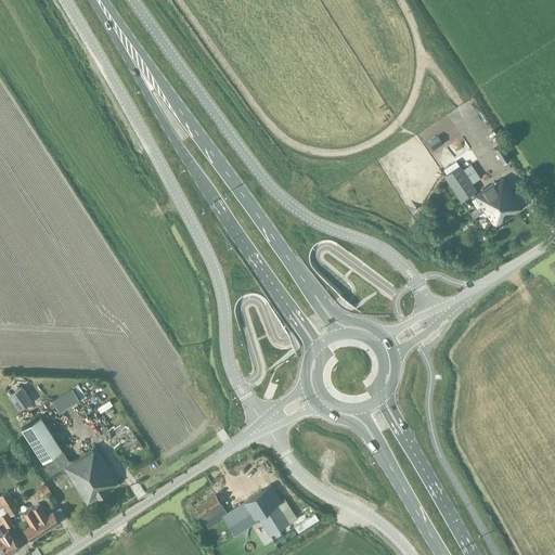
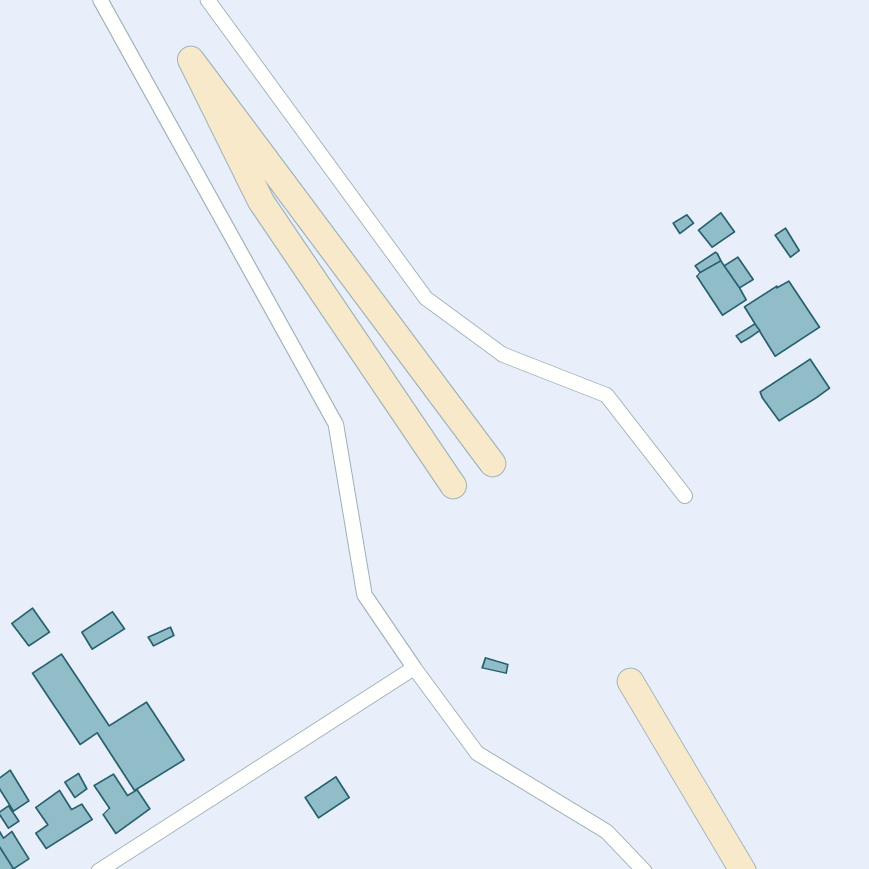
building: none -> [760,359,829,421]
building: [222,486,288,538] -> none
building: none -> [94,774,150,834]

